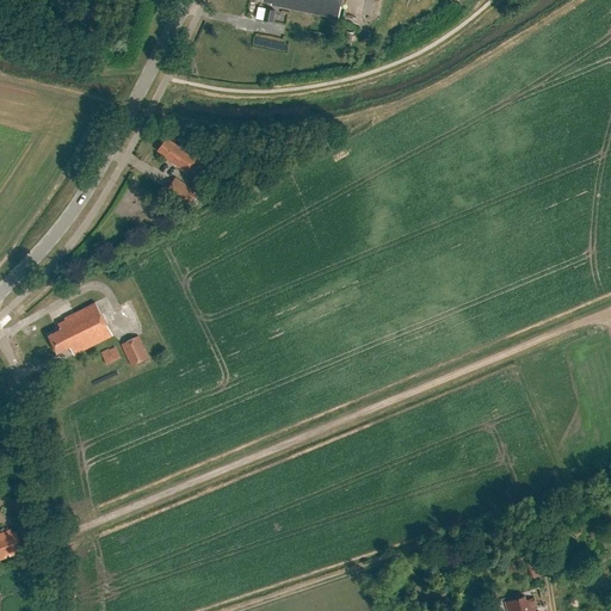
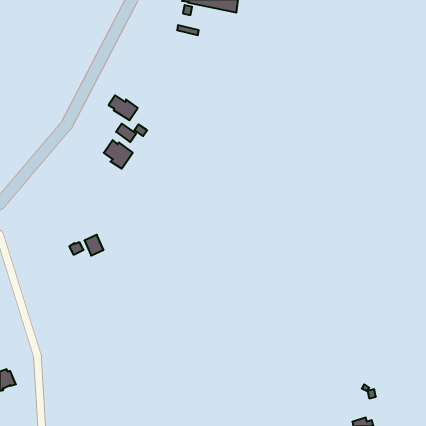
building: none -> [104,140,133,169]
building: [47,304,110,356] -> none

